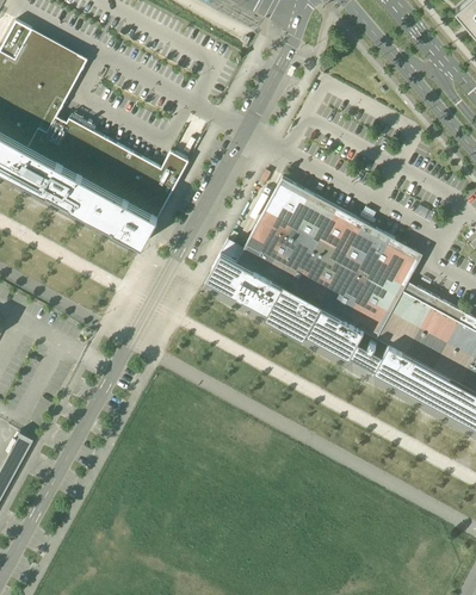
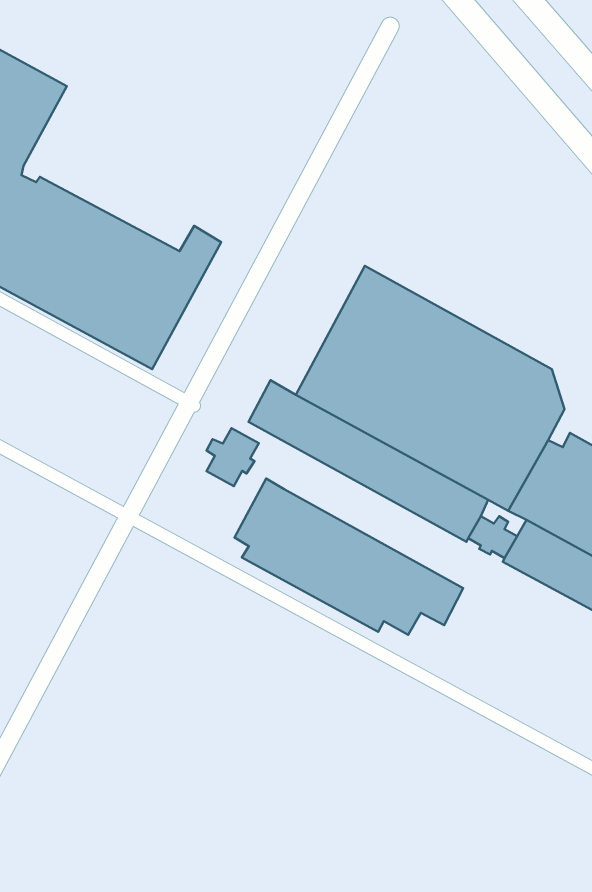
building: none -> [206,428,259,486]
building: none -> [234,478,463,635]

